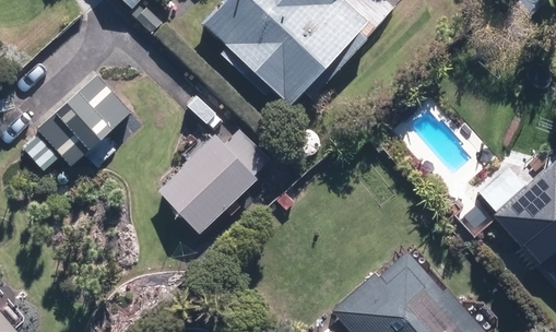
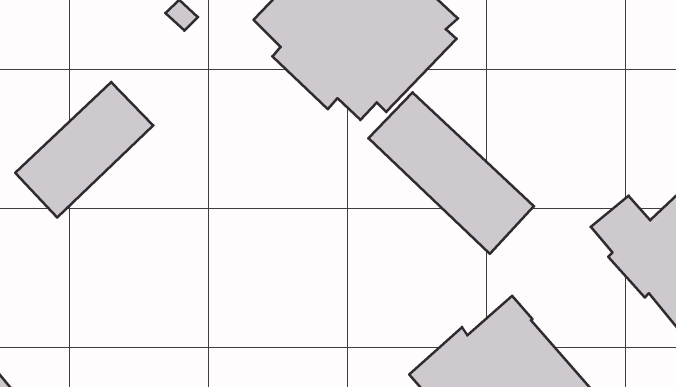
building: none -> [368,92,534,254]
building: [159,128,270,234] -> none

